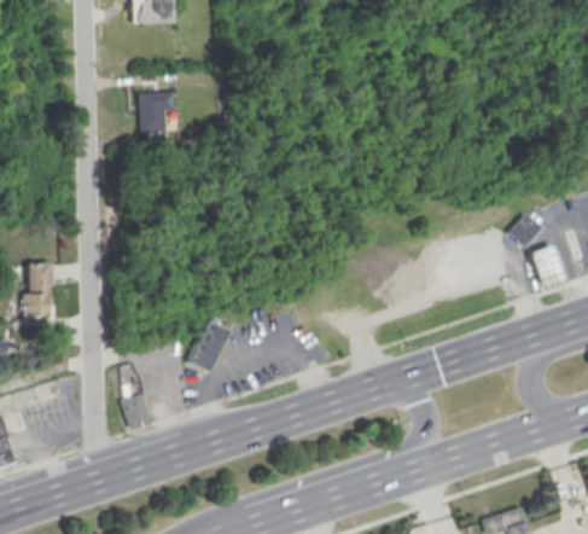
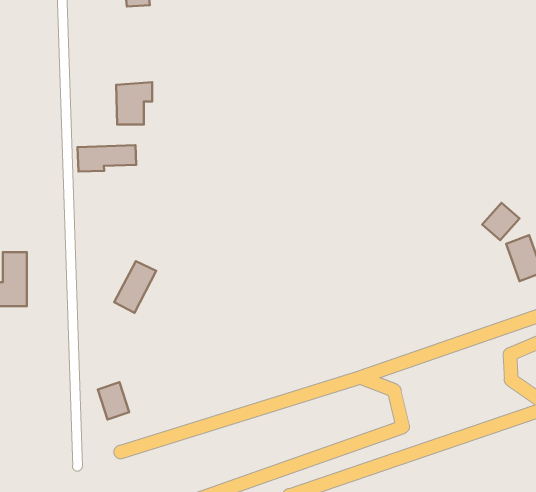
building: none -> [78,145,136,172]
building: [187,323,229,375] -> [114,261,156,313]

